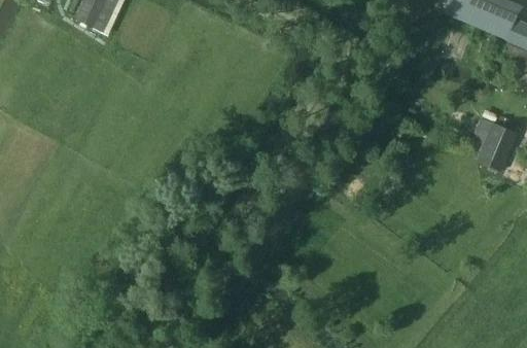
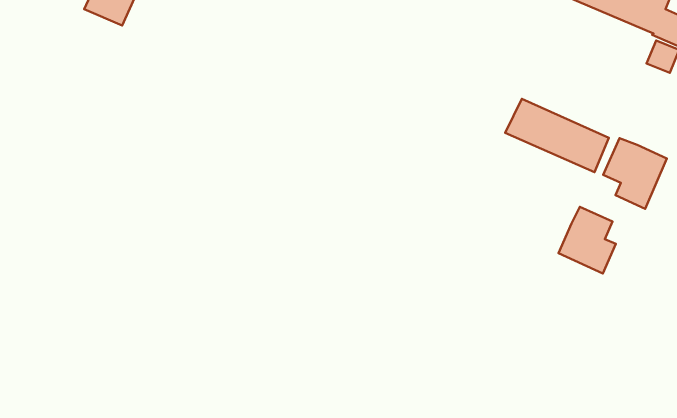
building: none -> [505,99,609,172]
building: none -> [558,207,616,274]

